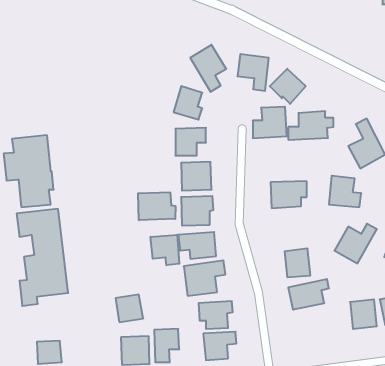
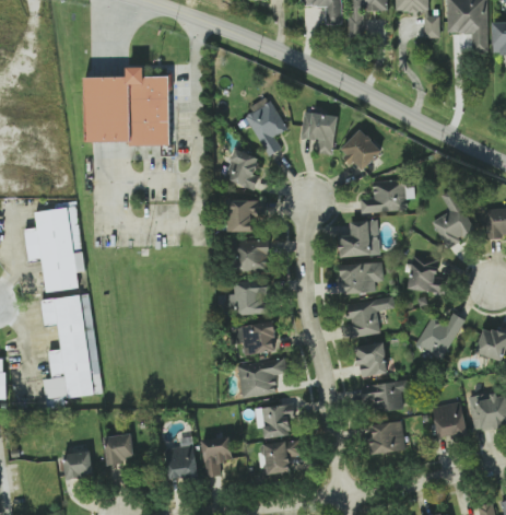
building: none -> [84,68,169,143]
building: [253,107,287,138] -> [340,219,380,256]
building: [138,192,175,220] -> none
building: none -> [345,294,395,337]
building: [151,235,179,265] -> none
building: [116,294,143,322] -> [103,432,136,465]
building: none -> [368,420,405,454]

